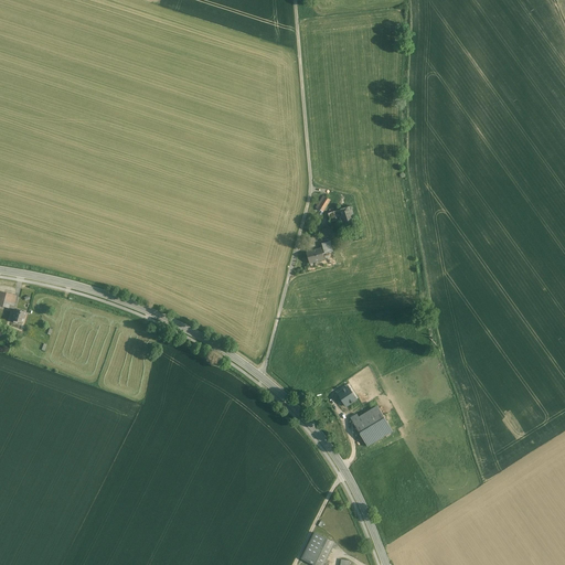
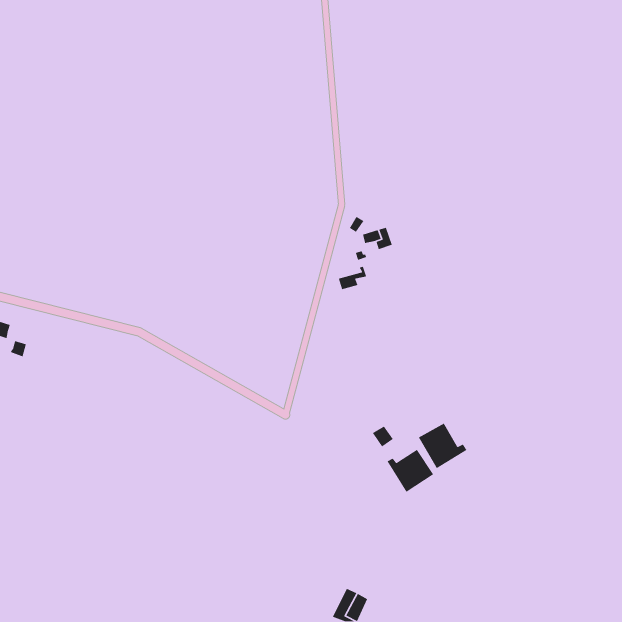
building: none -> [418,423,467,469]

